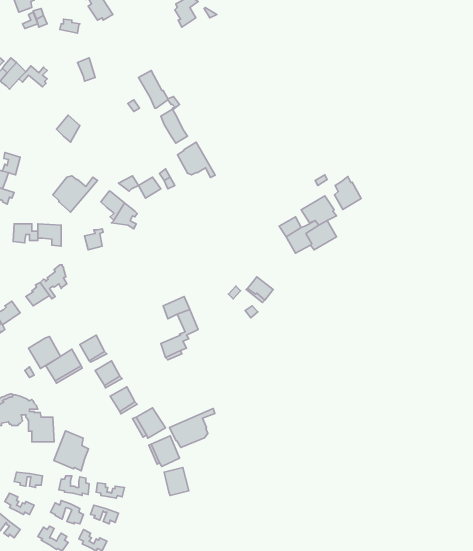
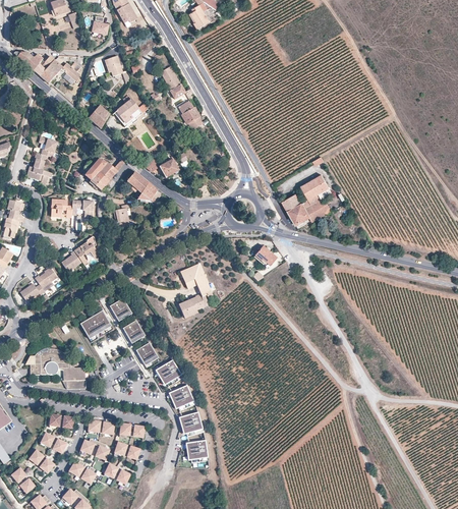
building: none -> [115,95,147,125]
building: [178,142,215,178] -> none
building: [334,177,361,209] -> none
building: [28,337,61,369] -> none
building: [170,408,215,447] -> none
building: [54,431,88,471] -> none
building: none -> [187,439,208,462]

